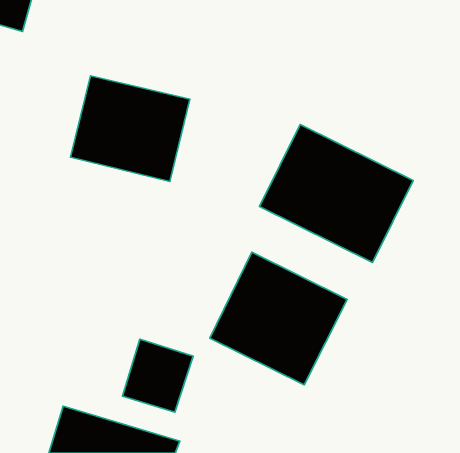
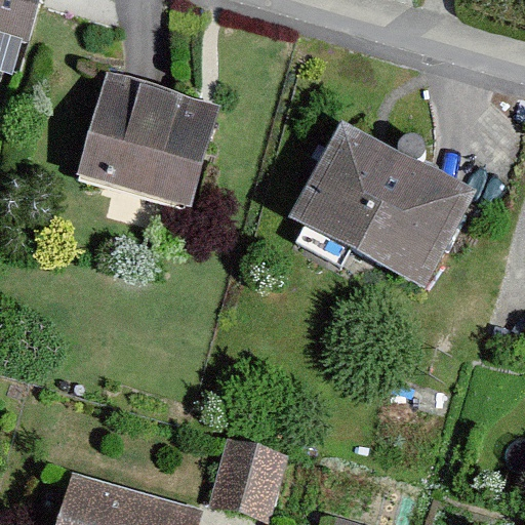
building: [210,252,347,385] -> none
building: [123,339,193,412] -> [207,428,287,511]

